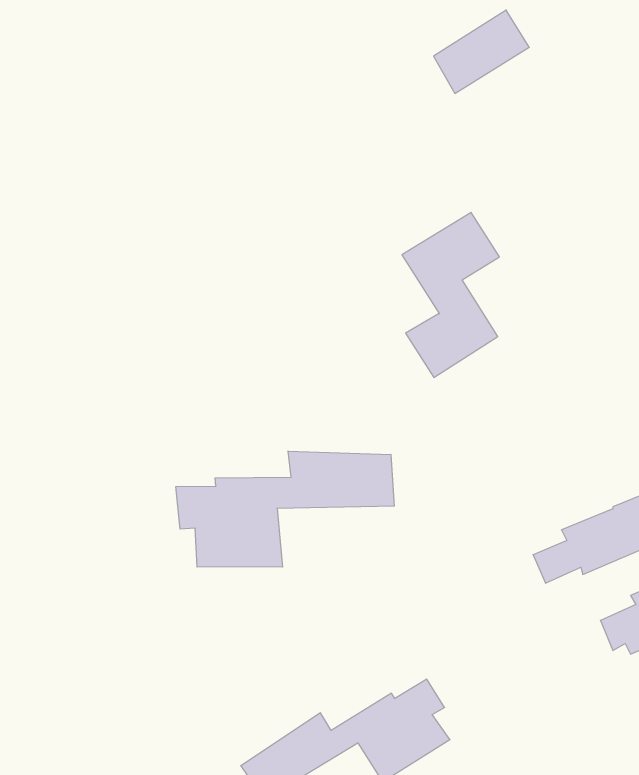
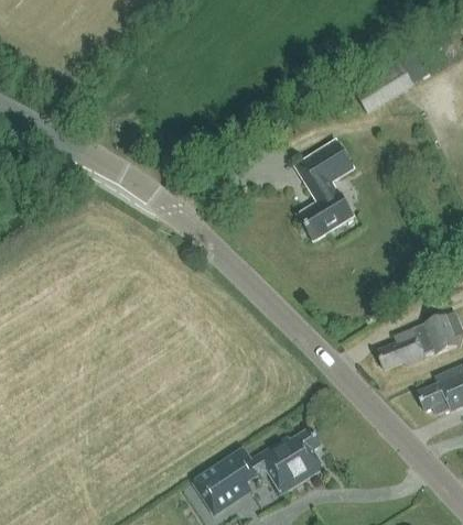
building: [434,10,529,93] -> [354,58,413,110]
building: [176,451,394,567] -> none

